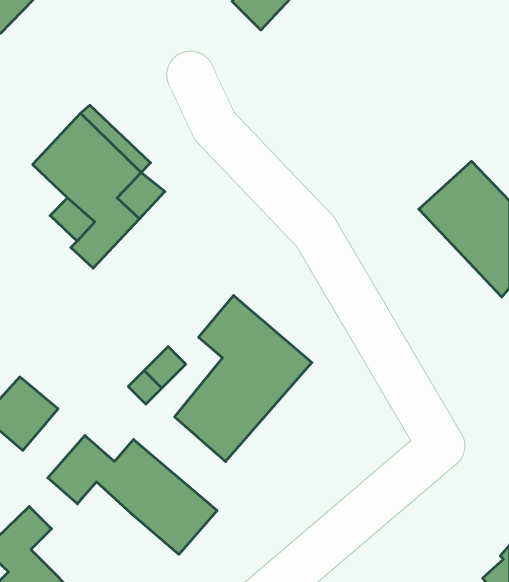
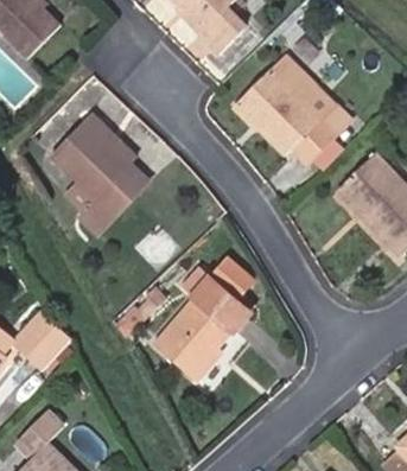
building: none -> [237,55,342,164]
building: [48,435,217,554] -> none

